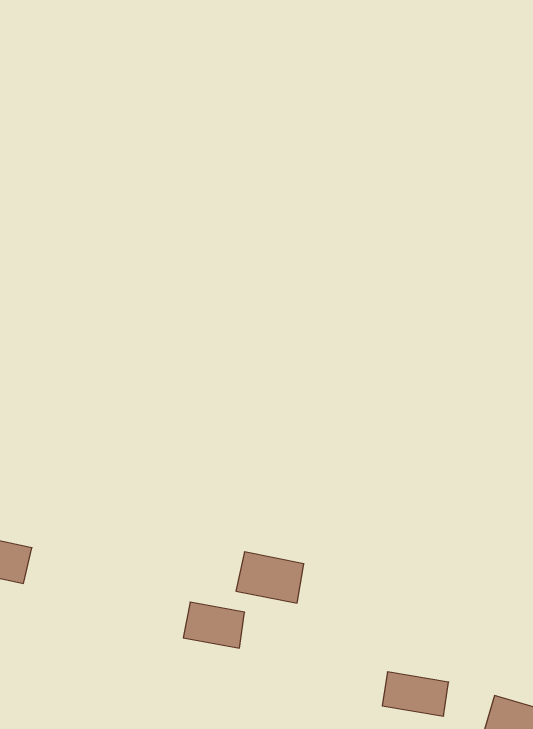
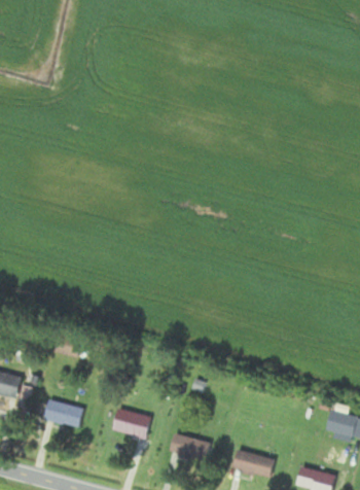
building: [236,552,304,603] -> [169,433,210,464]
building: none -> [42,396,82,430]

